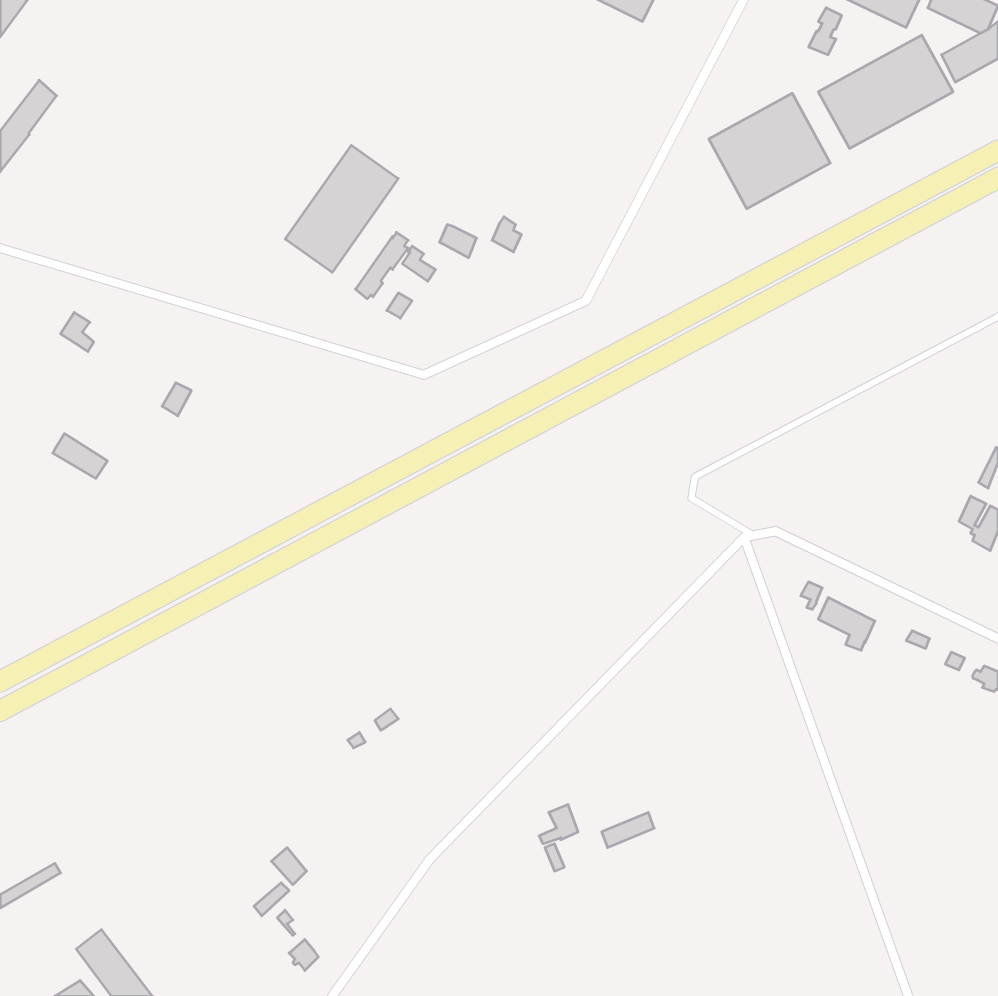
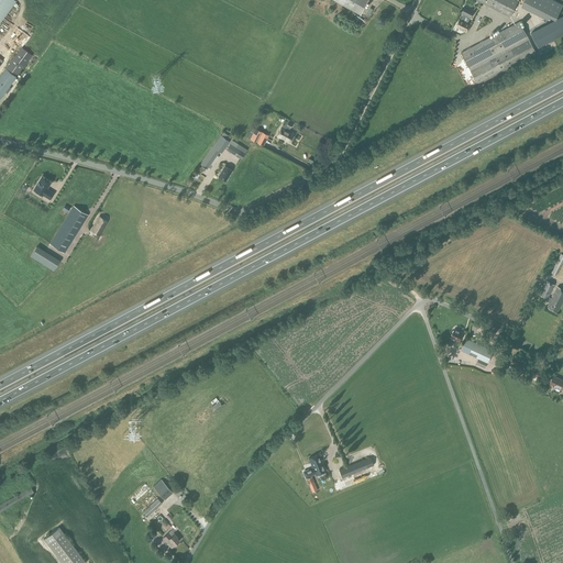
building: [709,93,830,209] -> none
building: [285,145,398,272] -> none
building: none -> [49,203,89,252]

